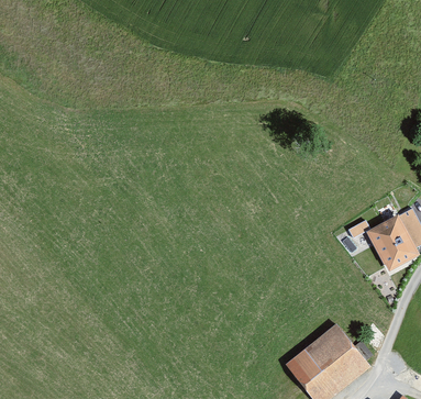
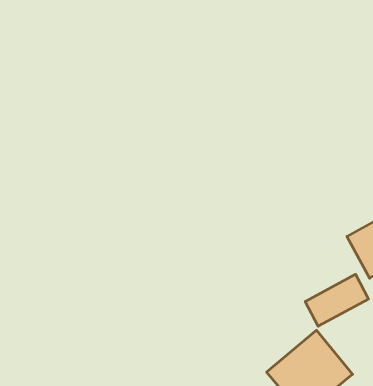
building: none -> [305,274,368,326]

